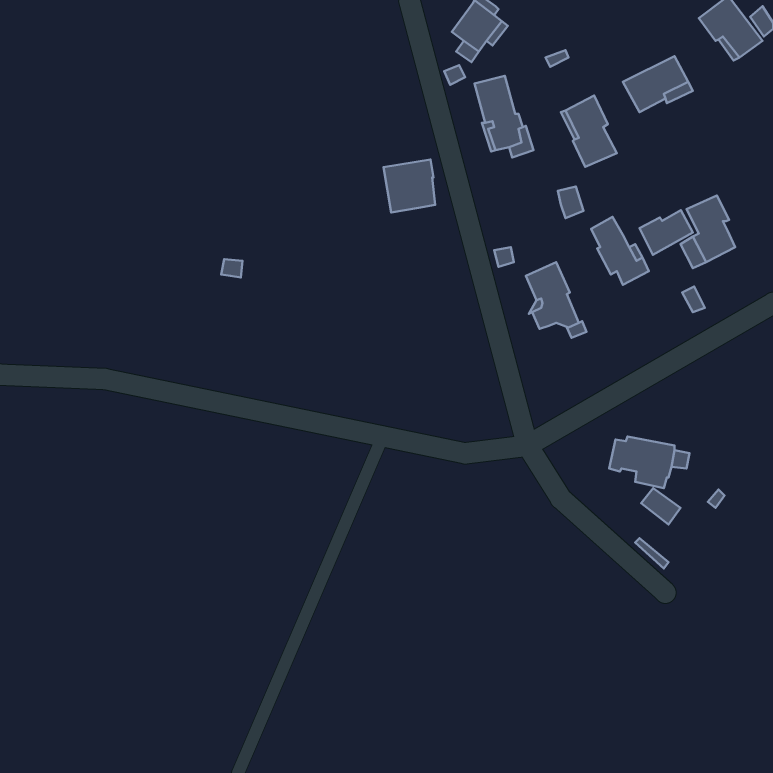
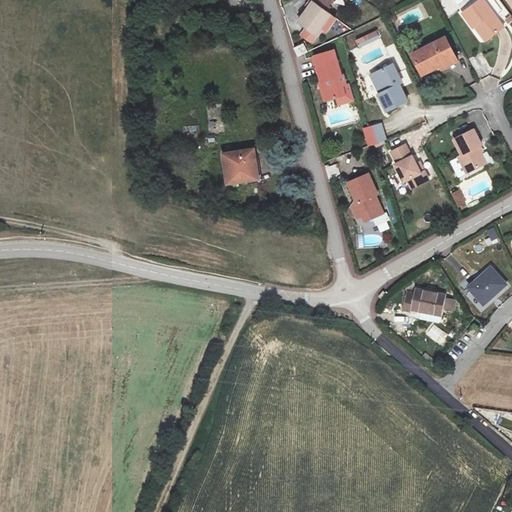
building: [384,159,435,213] -> [222,148,256,183]
building: [639,210,693,255] -> none
building: none -> [467,266,505,304]

